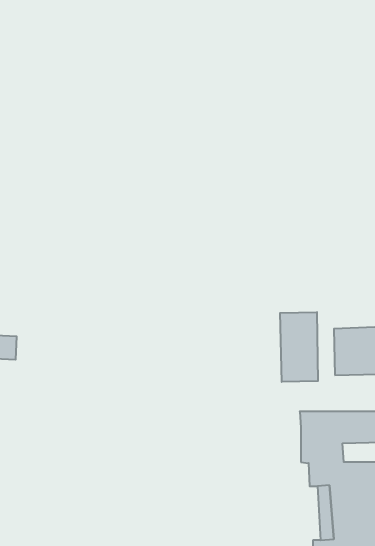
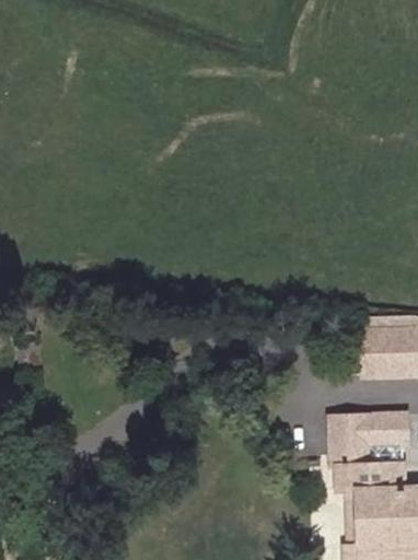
building: [280,312,318,382] -> none

